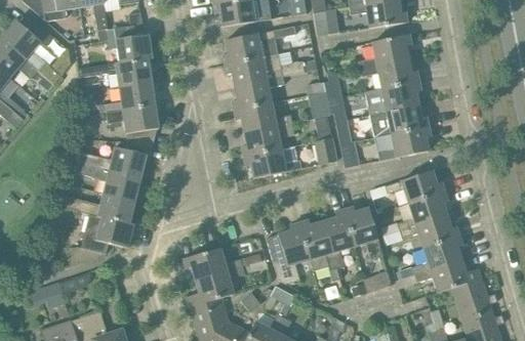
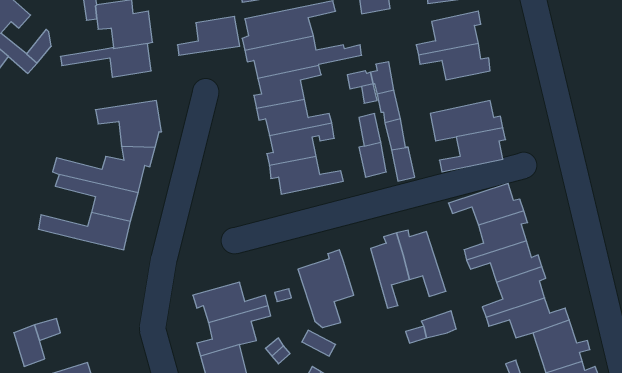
building: [106,81,155,112] -> [177,16,240,55]
building: [366,81,420,115] -> none
building: [67,213,133,263] -> none
building: [299,219,340,281] -> none

